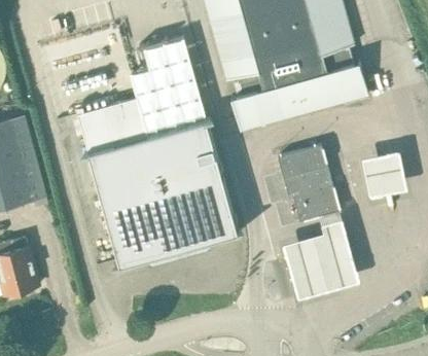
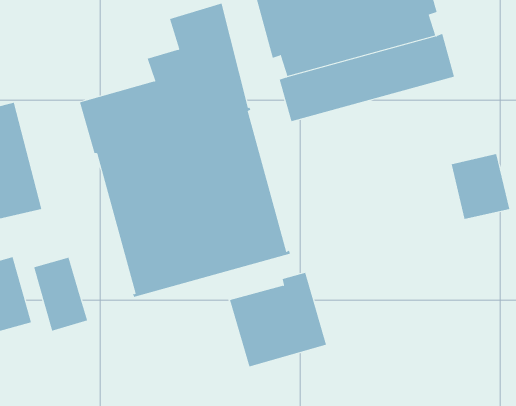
building: [277,146,338,222] -> none
building: [287,226,363,300] -> [229,272,327,367]
building: none -> [34,257,88,331]

